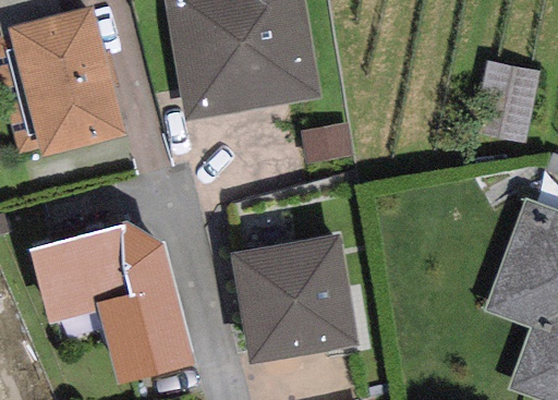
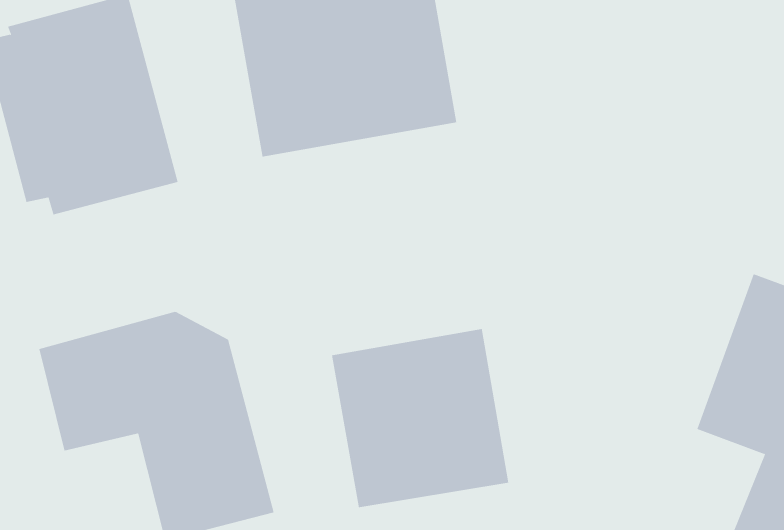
building: [472,60,536,140] -> none

